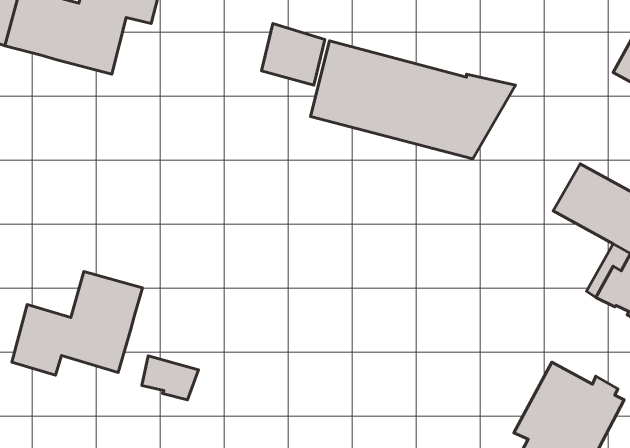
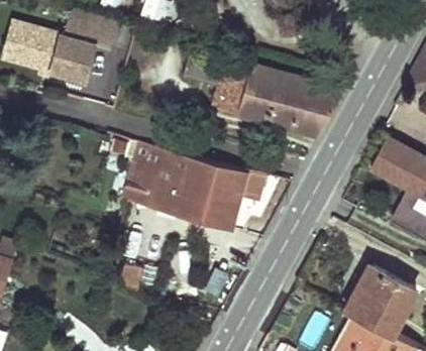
building: none -> [122,144,246,232]
building: [12,272,142,375] -> none

